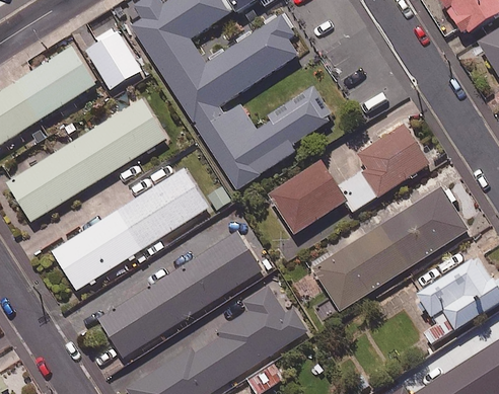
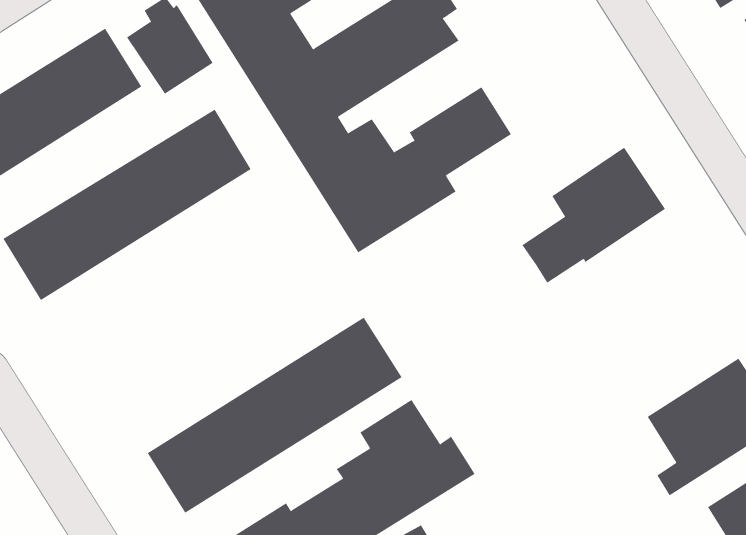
building: [270,161,347,234] -> none
building: [52,168,208,291] -> none
building: [314,188,469,321] -> none

